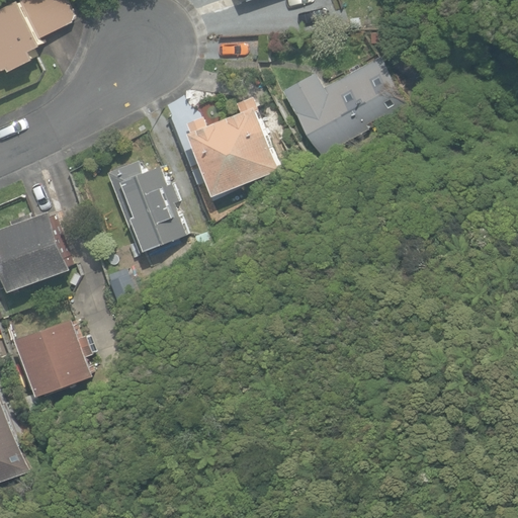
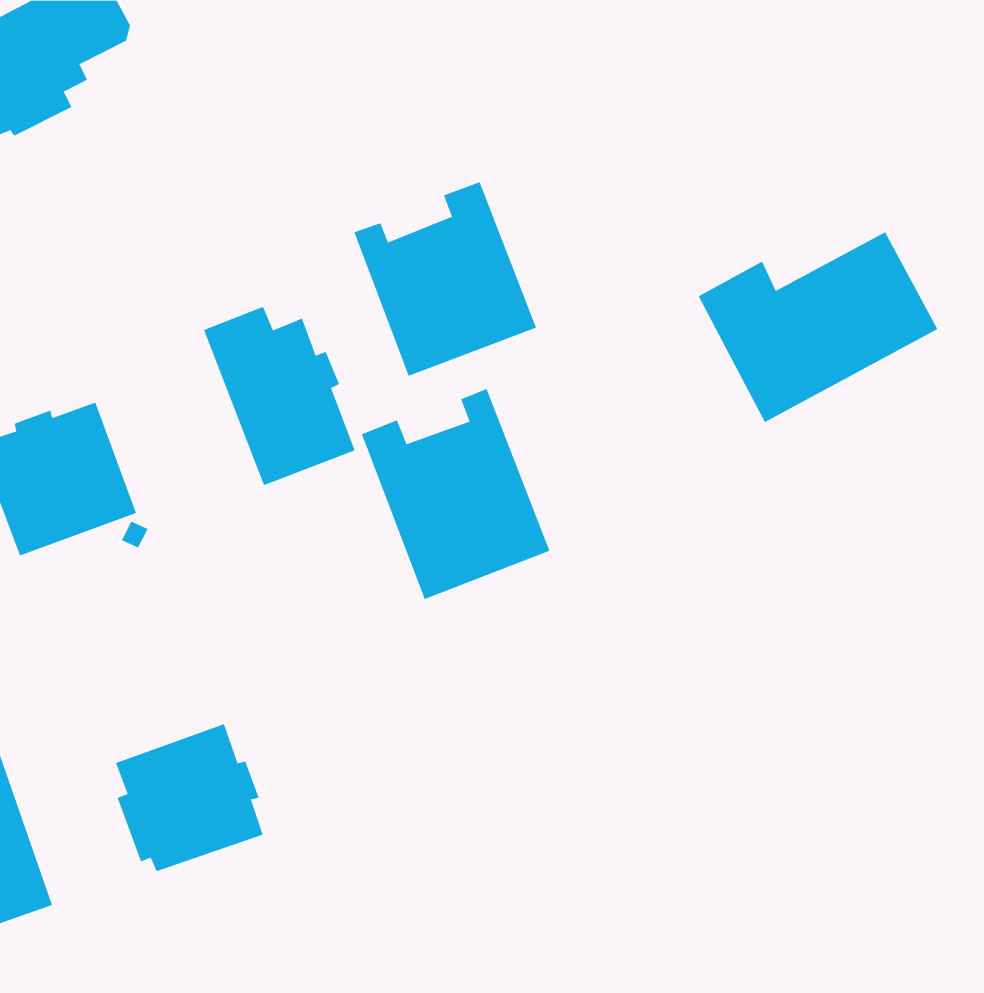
building: [280,58,405,157] -> [698,232,938,423]
building: none -> [361,388,550,600]
building: [16,318,93,395] -> [115,724,263,872]

